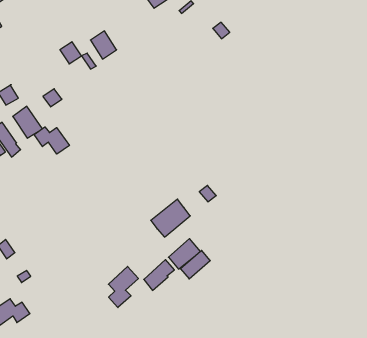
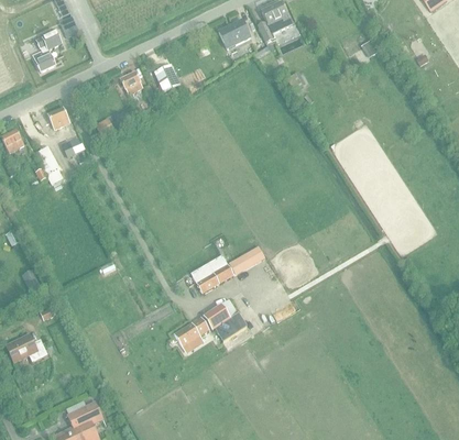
building: [34,127,69,154] -> none
building: [108,266,138,308] -> none

